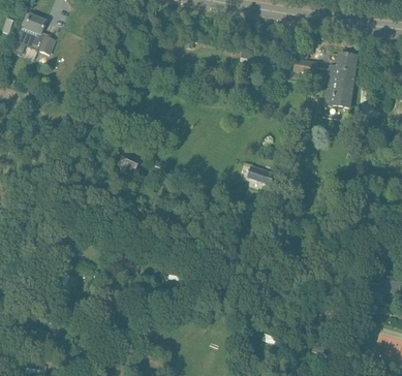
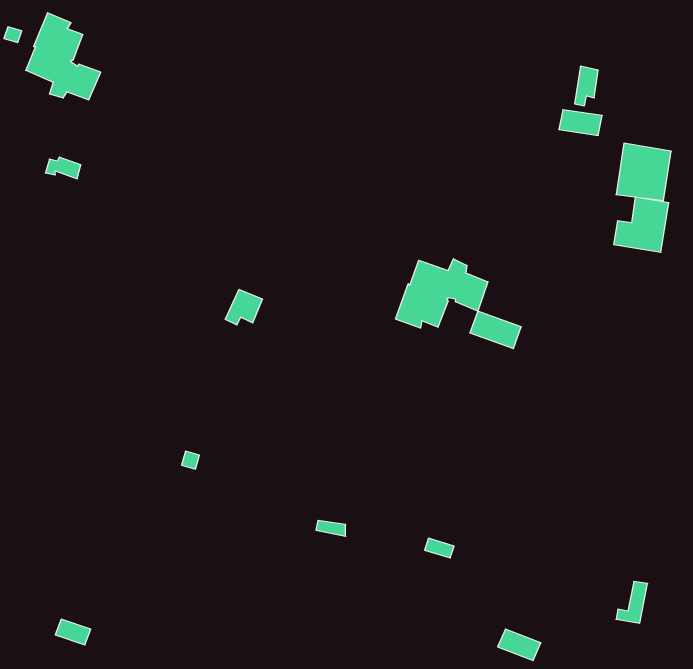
building: [329,53,358,82] -> [614,197,669,252]
building: none -> [395,259,488,328]

